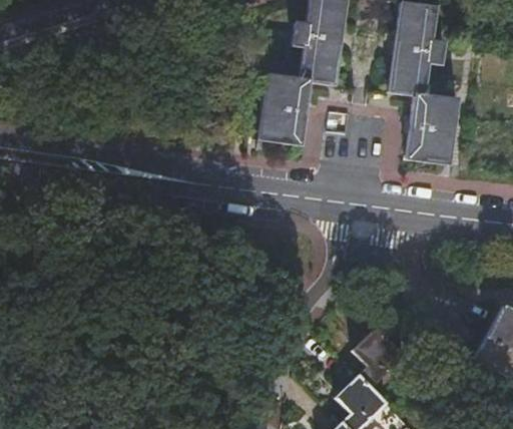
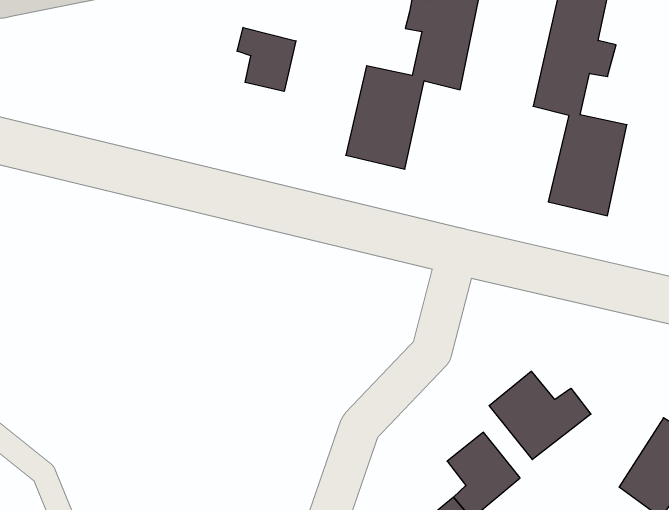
building: none -> [237,27,296,91]
building: none -> [489,371,591,460]

